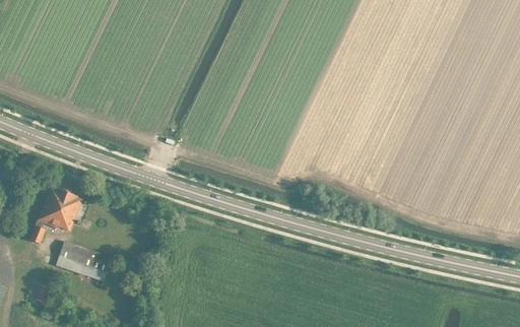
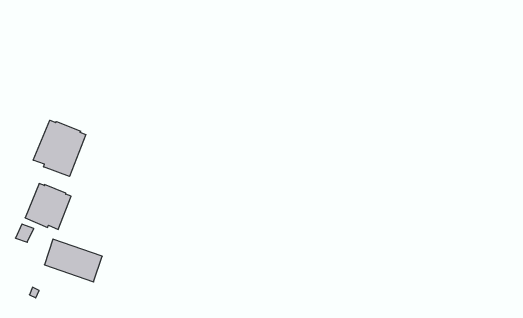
building: none -> [33,120,86,176]

